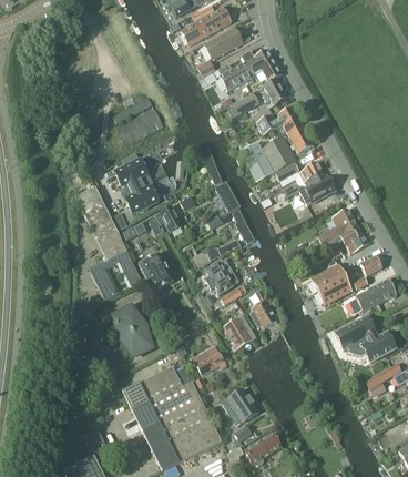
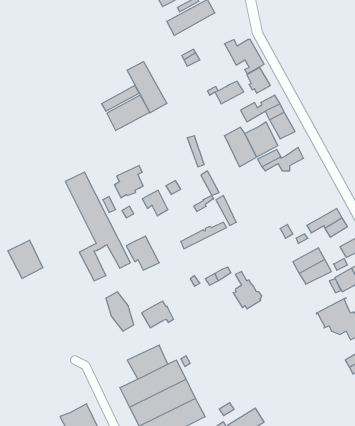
building: [203,27,243,59] -> none
building: [218,61,253,89] -> none
building: none -> [127,62,167,113]
building: [116,153,152,191] -> none
building: [283,172,335,204] -> none
building: [317,209,357,245] -> none
building: none -> [8,240,43,279]
building: [205,260,238,294] -> none
building: [224,315,256,348] -> none
building: [193,346,226,374] -> [142,301,174,328]
building: [122,382,151,410] -> none
building: [222,388,258,422] -> none

